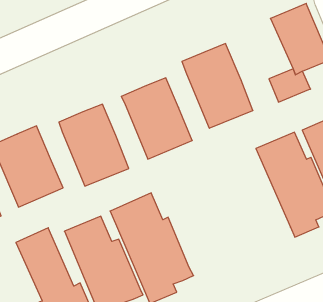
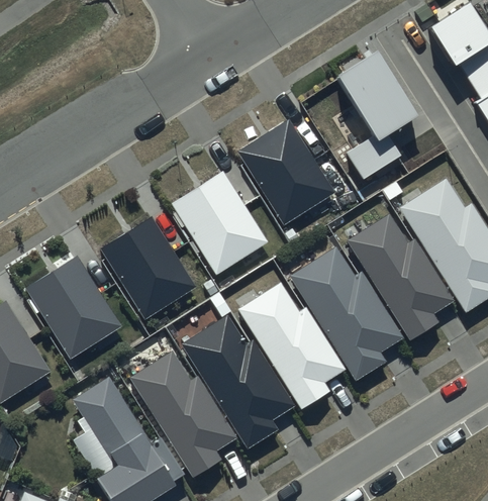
building: none -> [289,245,403,381]
building: none -> [237,282,345,408]

